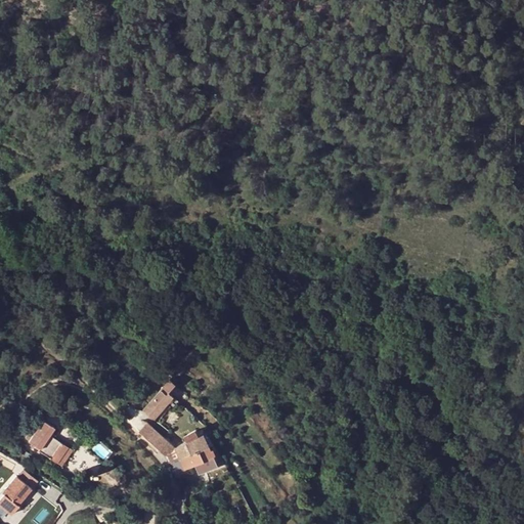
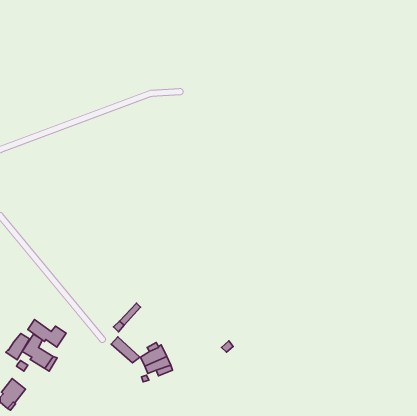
building: none -> [28,320,66,347]
building: none -> [6,333,30,360]

